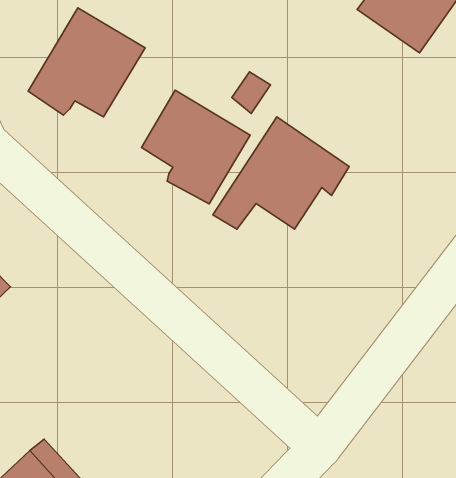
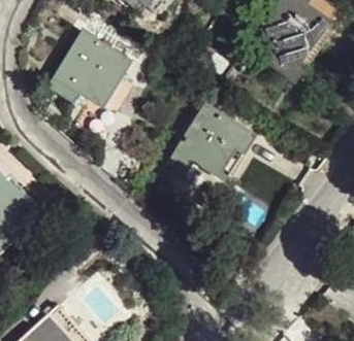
building: [142,90,250,204] -> none

